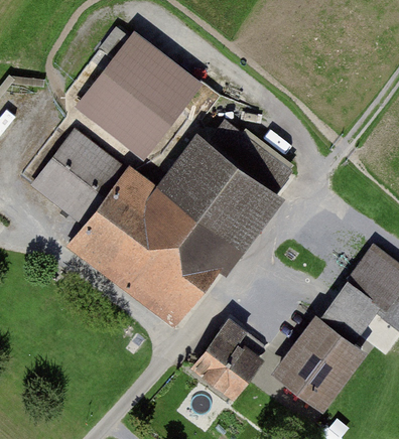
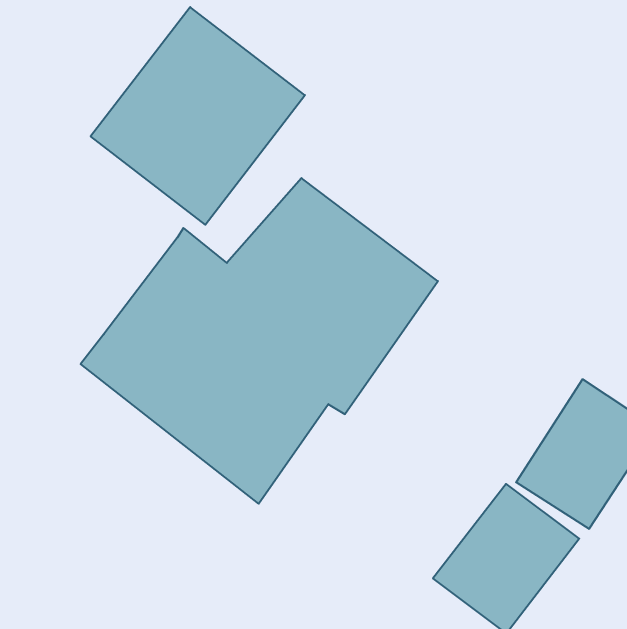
building: [30,130,124,228] -> none
building: [194,322,271,400] -> none

